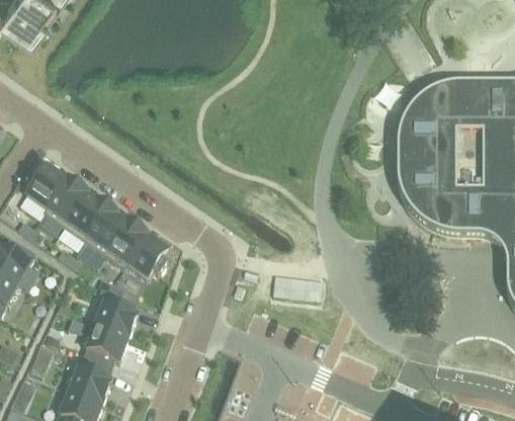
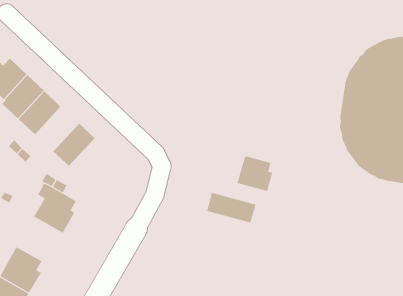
building: [86,202,130,252] -> none
building: none -> [237,155,273,192]
building: [125,232,170,275] -> none
building: [83,322,130,366] -> none

